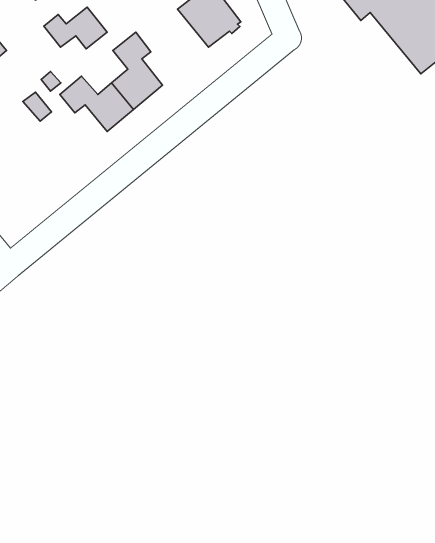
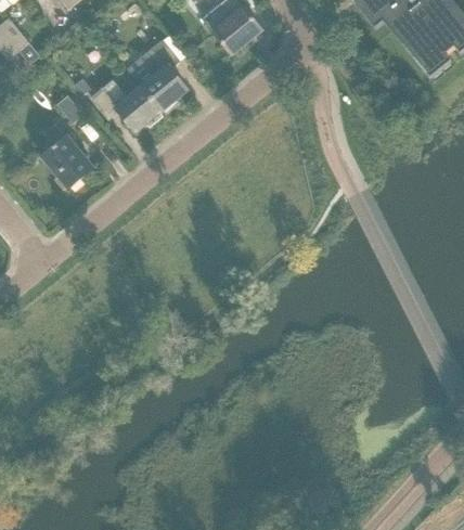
building: [44,7,107,49] -> none
building: none -> [41,121,92,189]

